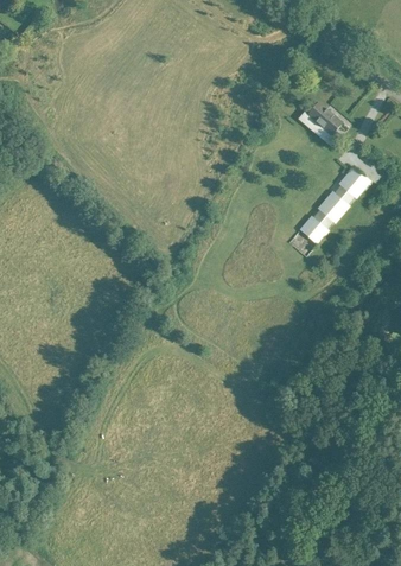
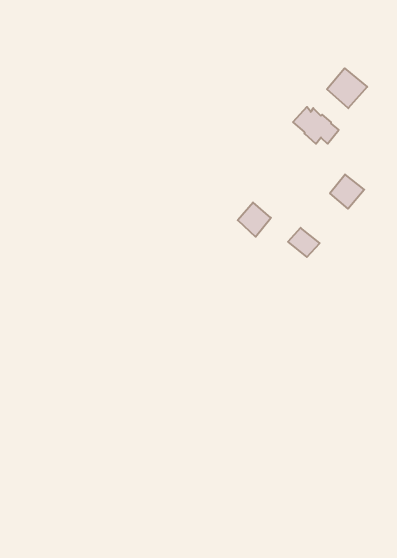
building: none -> [327,68,367,108]
building: [317,191,348,223] -> [238,202,271,237]

